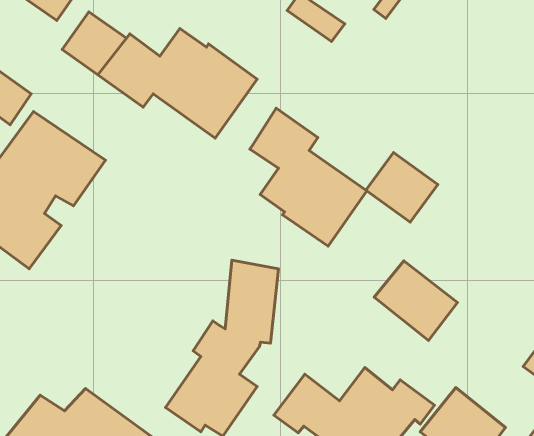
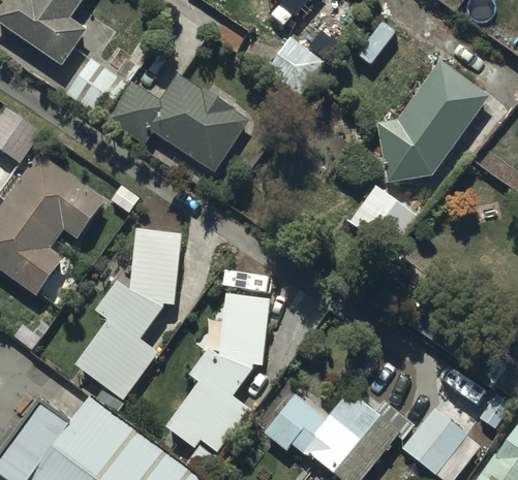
building: none -> [375,55,490,183]
building: [250,108,367,246] -> none
building: none -> [72,225,183,396]
building: [374,261,457,341] -> none

